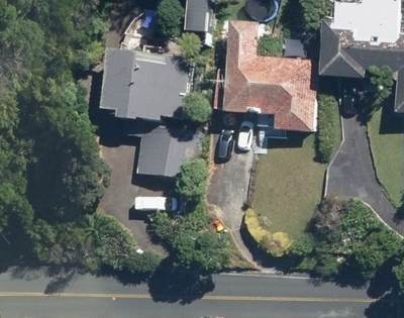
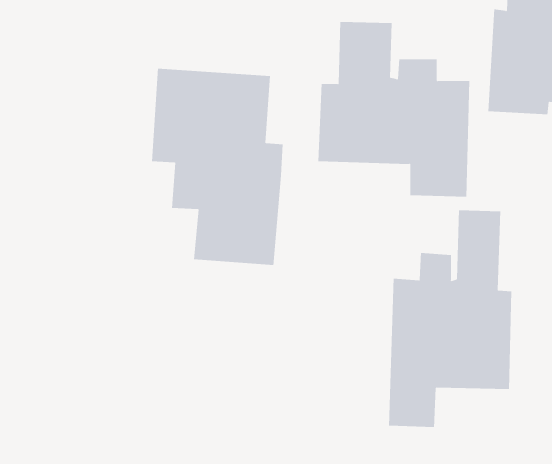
building: none -> [388,210,512,428]

